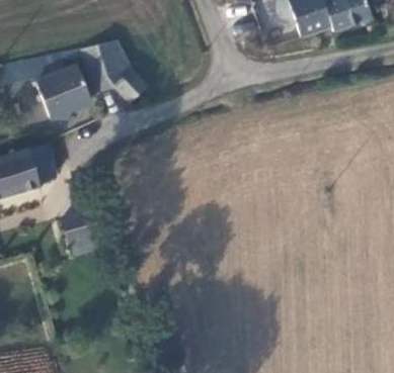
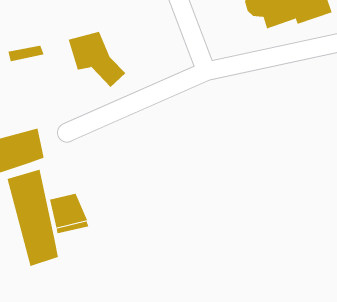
building: [35,64,92,118] -> none
building: none -> [7,169,58,267]

